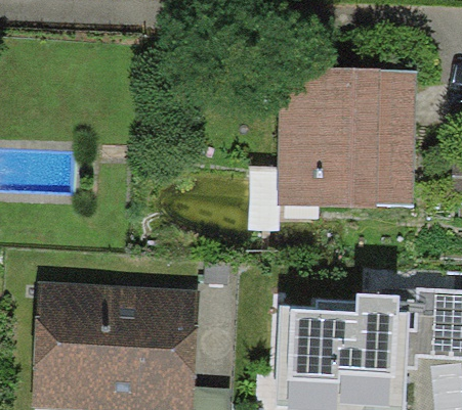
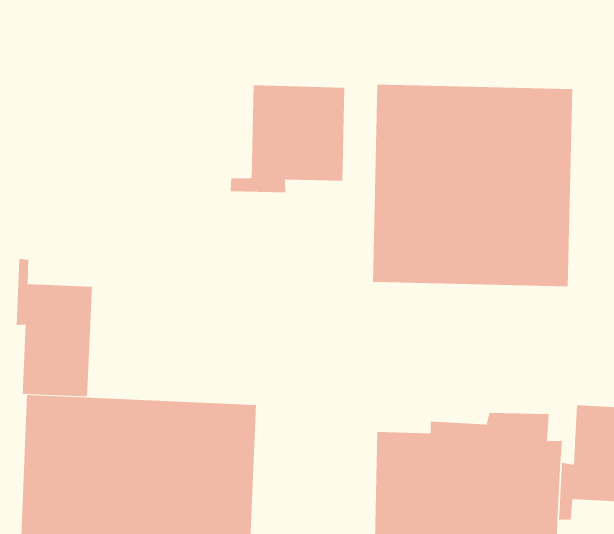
building: none -> [230,85,345,193]
building: none -> [16,258,92,397]

